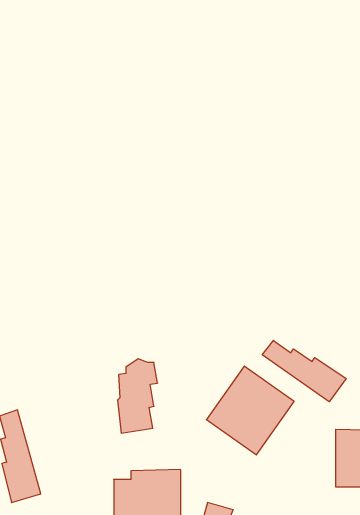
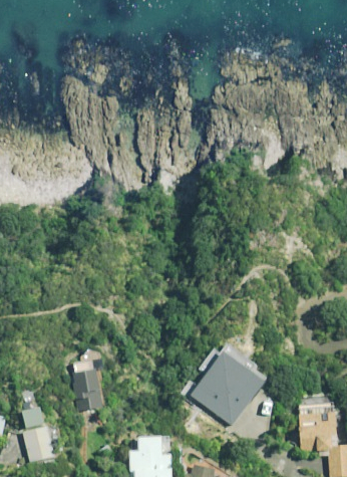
building: [262,340,346,402] -> none
building: [117,359,158,433] -> [73,349,106,411]

